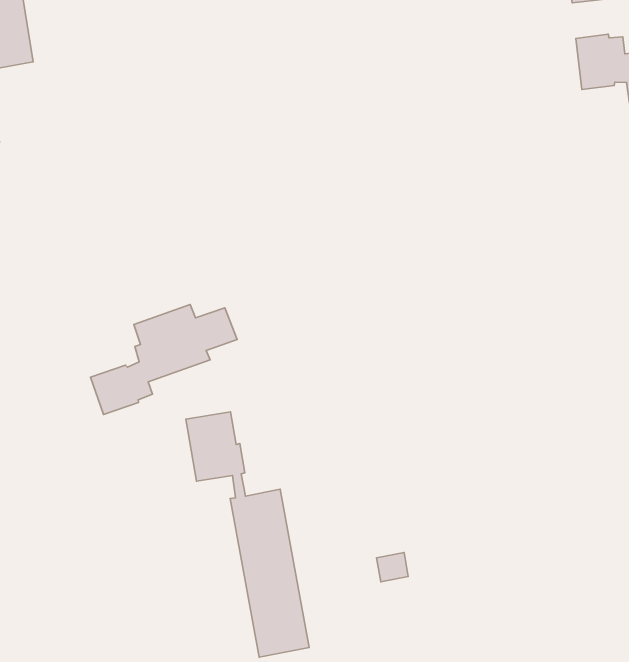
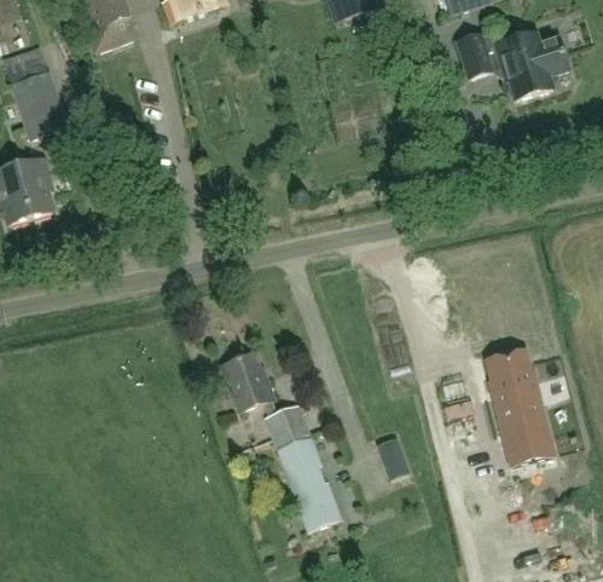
building: [91,304,237,414] -> none
building: none -> [491,350,556,466]

